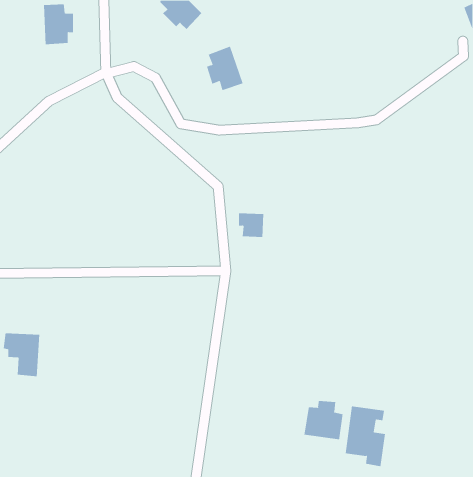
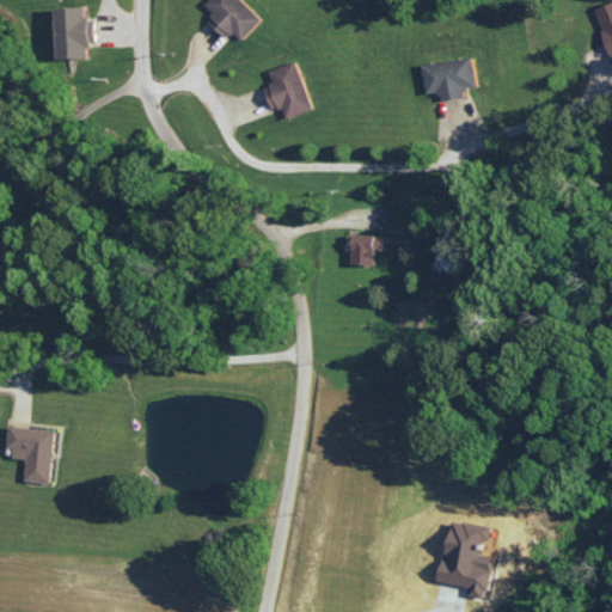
building: none -> [421,57,475,100]
building: [238,213,264,237] -> [343,234,377,265]
building: [304,400,343,440] -> none

